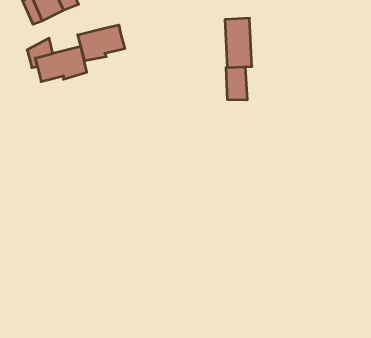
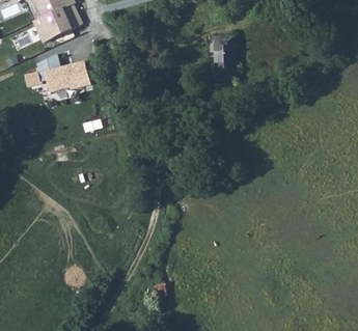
building: [78,25,125,61] -> none
building: [226,67,247,100] -> none

